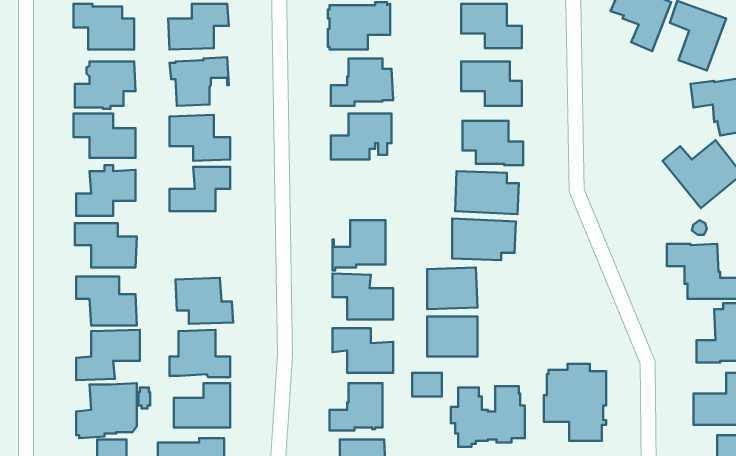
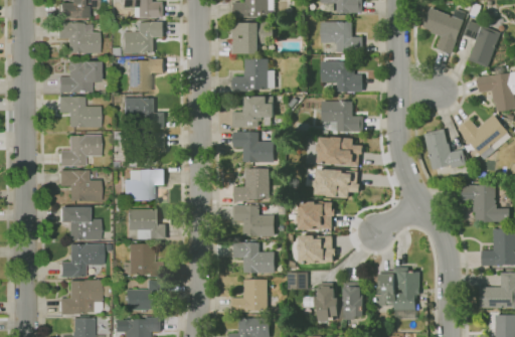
building: none -> [423,129,466,170]
building: none -> [232,132,274,162]
building: none -> [123,169,164,200]

